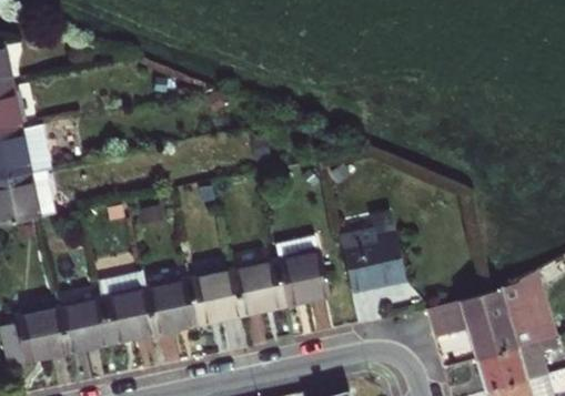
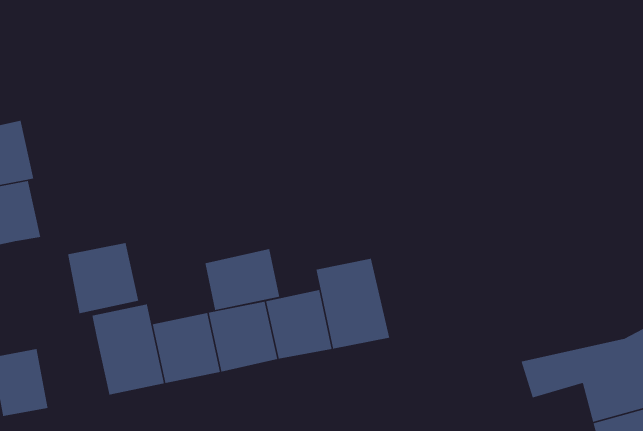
building: [337,215,404,294] -> none
building: none -> [205,248,280,311]
building: [54,297,110,353] -> [67,242,139,314]

